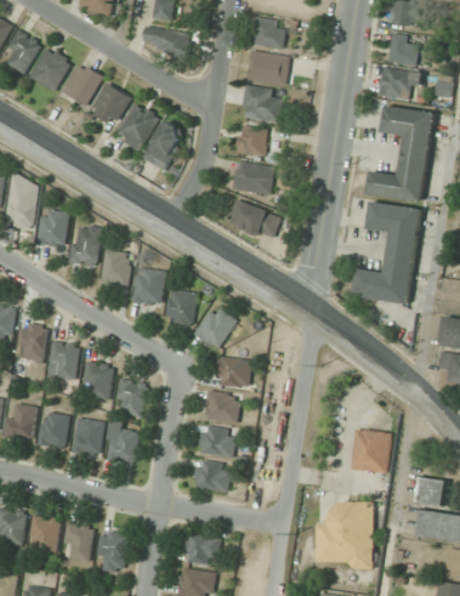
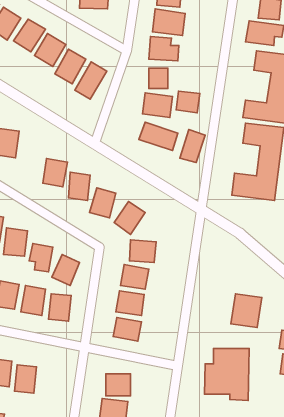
building: none -> [176,91,200,113]
building: none -> [180,129,205,163]
building: [70,223,102,266] -> none
building: [96,529,129,573] -> none

